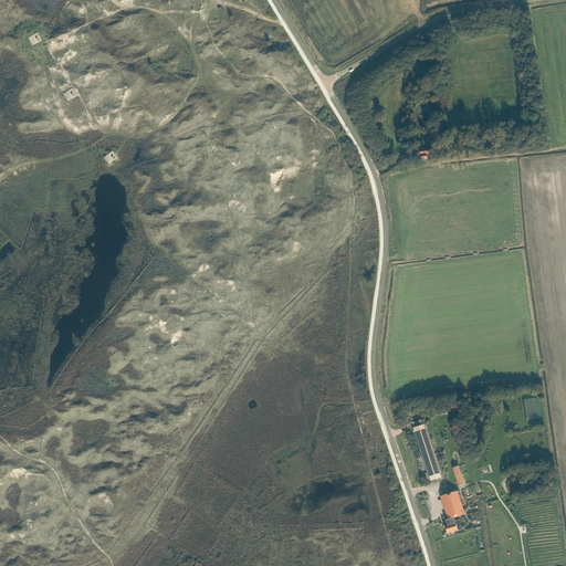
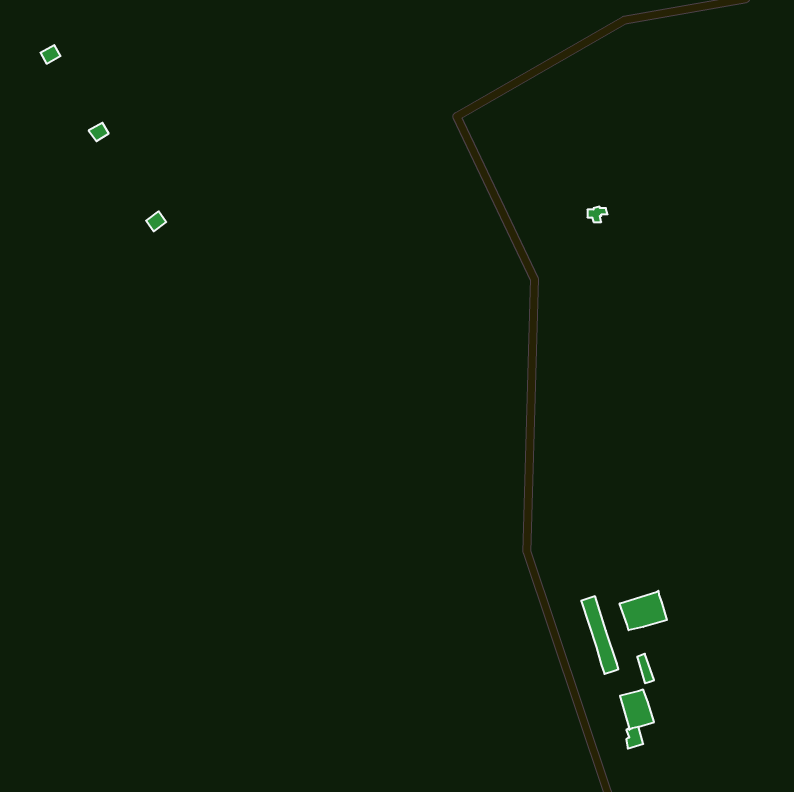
building: none -> [620,591,667,630]

